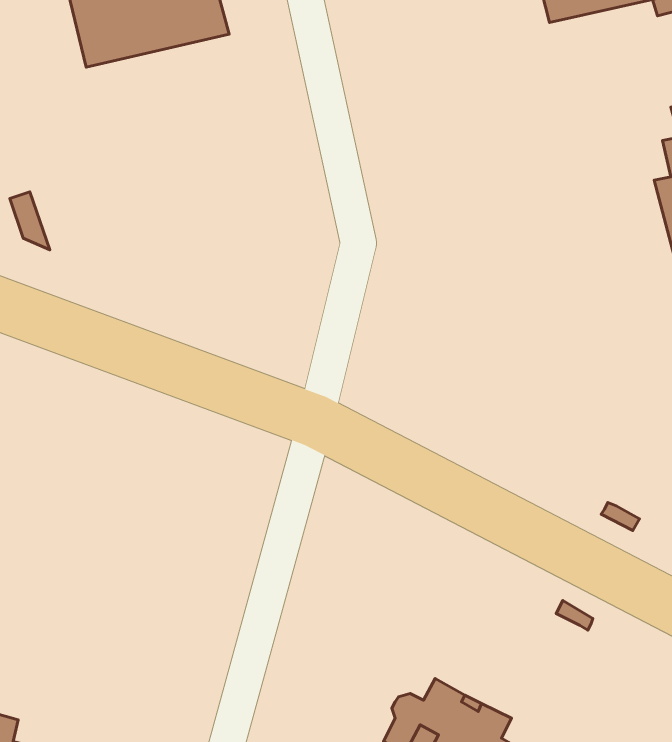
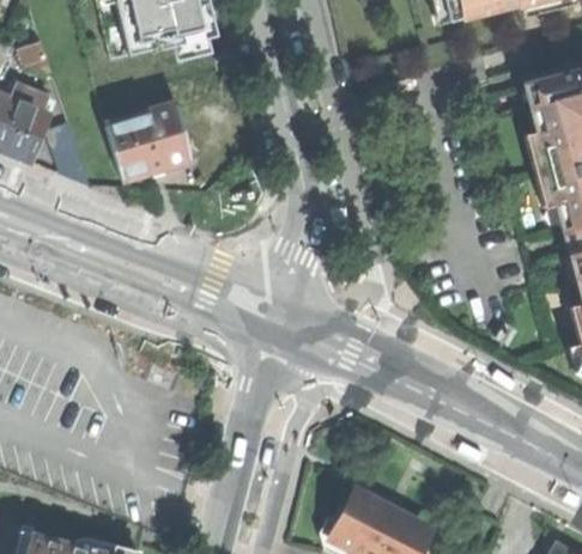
building: none -> [107,105,190,178]

